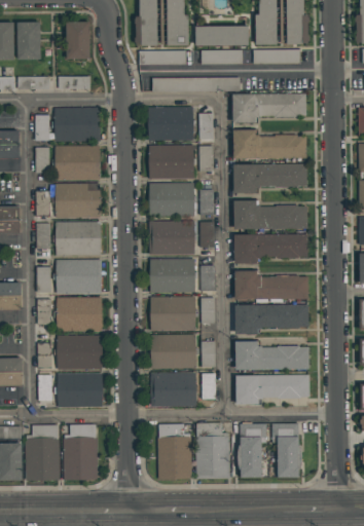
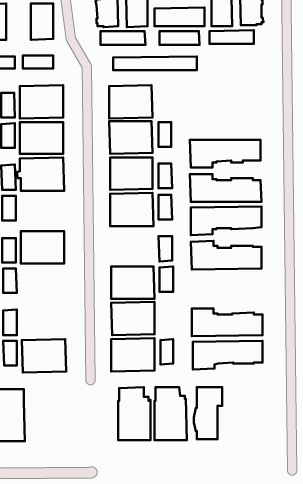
building: [232,93,305,123] -> none
building: [198,113,213,140] -> none
building: [232,129,306,159] -> none
building: [56,222,100,256] -> none
building: [149,259,194,293] -> none
building: [57,297,102,331] -> none
building: [234,305,308,334] -> none
building: [57,336,102,370] -> none
building: [201,341,215,367] -> none
building: [271,423,301,478] -> none
building: [63,424,97,480] -> none

